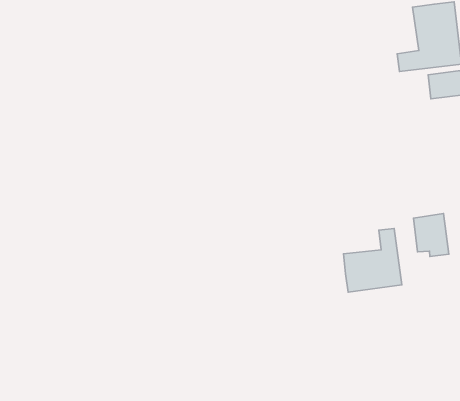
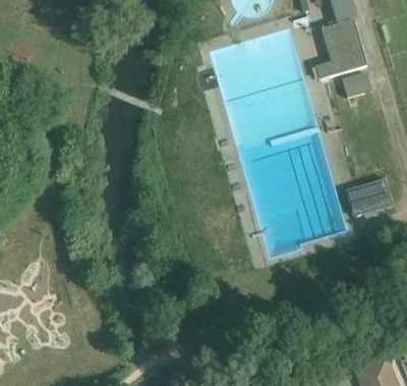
building: [343,228,402,292] -> none

